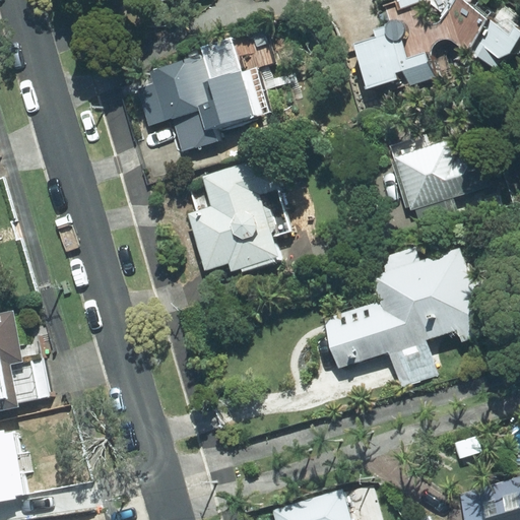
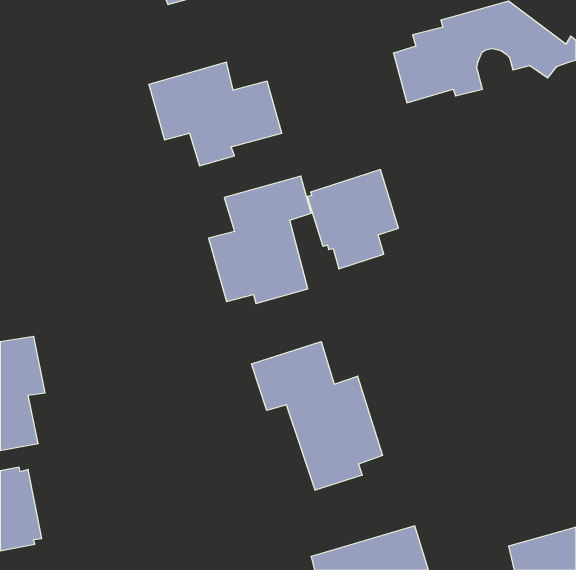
building: [391,137,473,226] -> [307,170,398,269]
building: [317,247,488,387] -> none
building: none -> [252,342,383,490]

